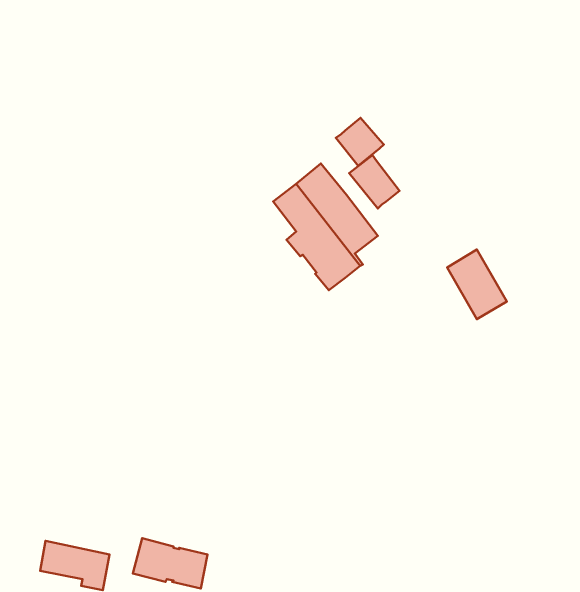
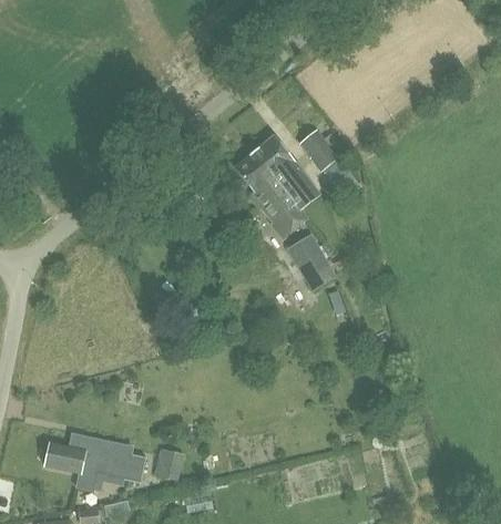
building: [336,118,384,166] -> none
building: [447,250,507,319] -> [286,234,335,290]

